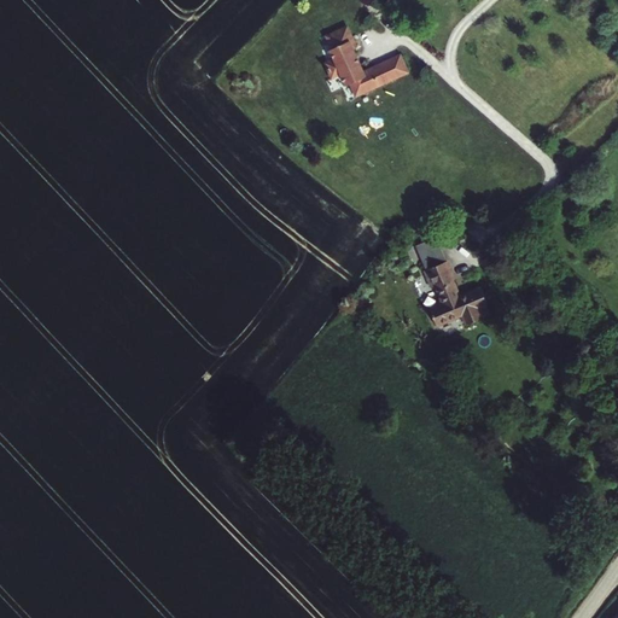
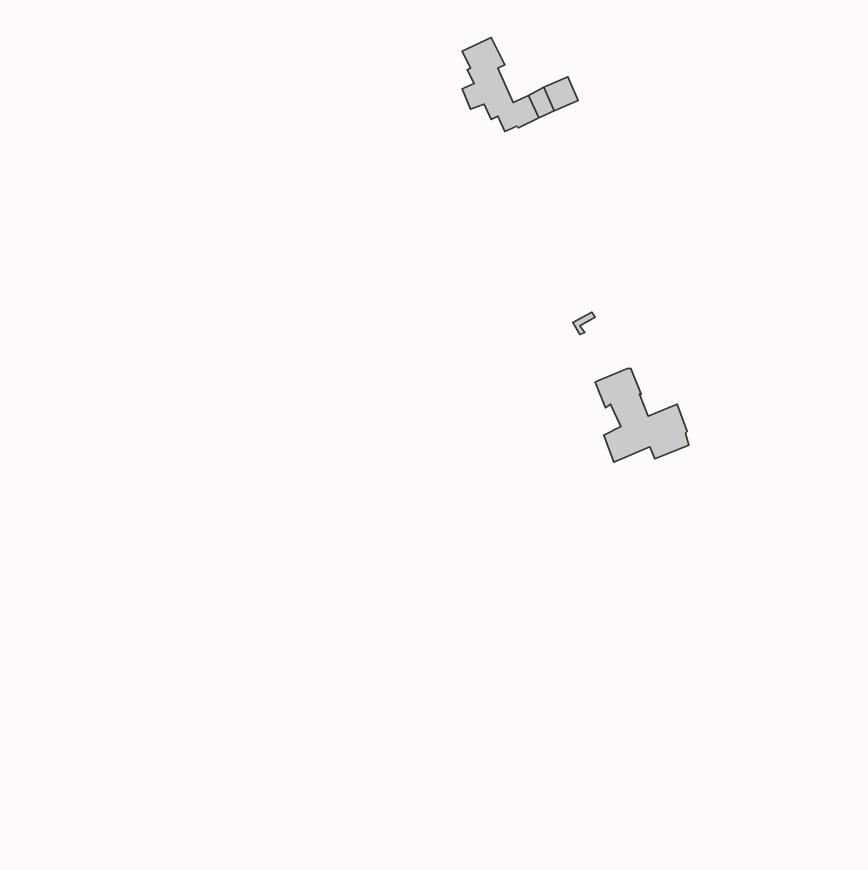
building: [414,238,444,270] -> none

